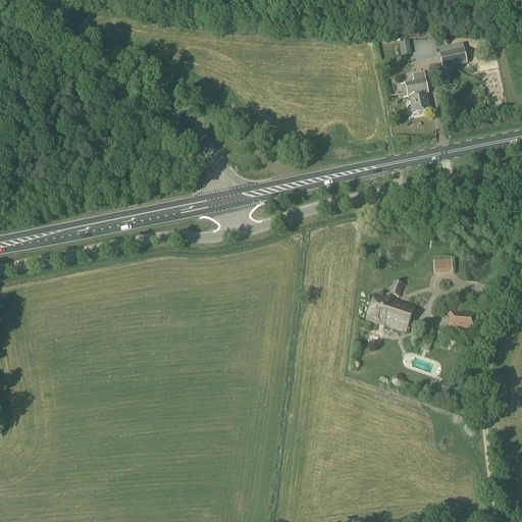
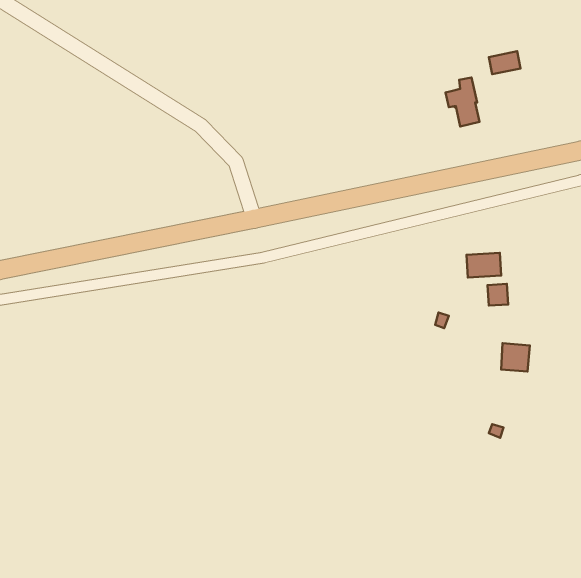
building: none -> [467,253,501,277]
building: [365,293,414,329] -> none

